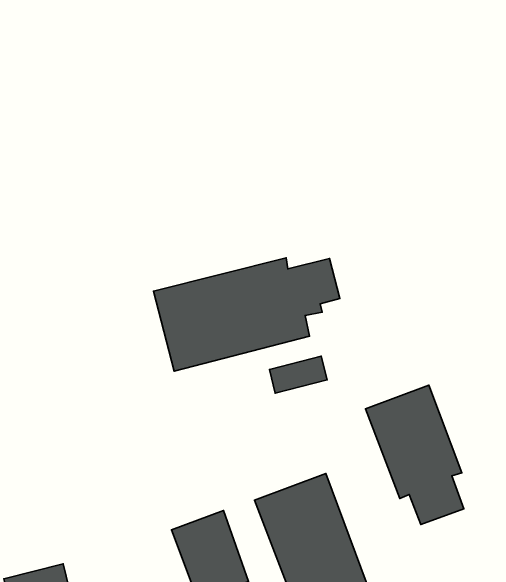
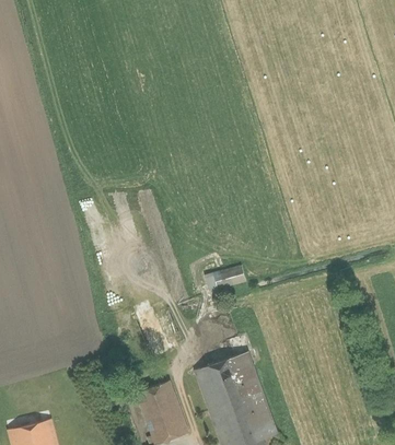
building: [154,258,340,371] -> none
building: [365,385,464,525] -> none

